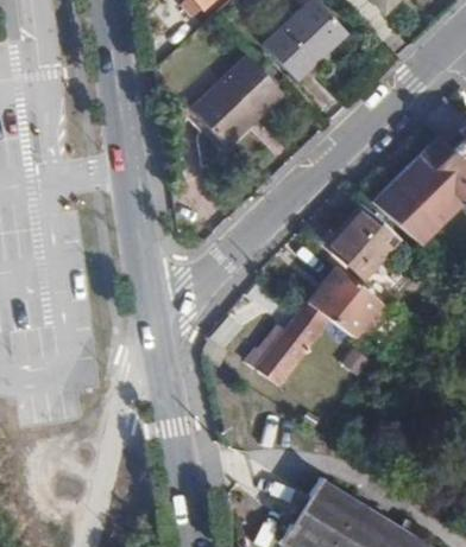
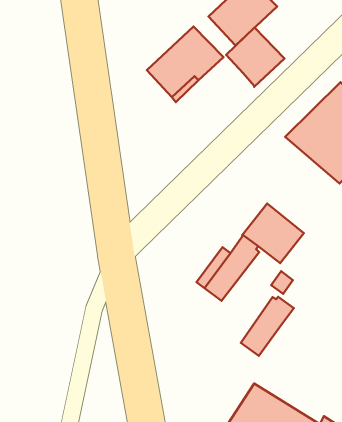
building: none -> [226,28,284,87]
building: [327,205,399,278] -> none
building: none -> [241,297,294,356]

